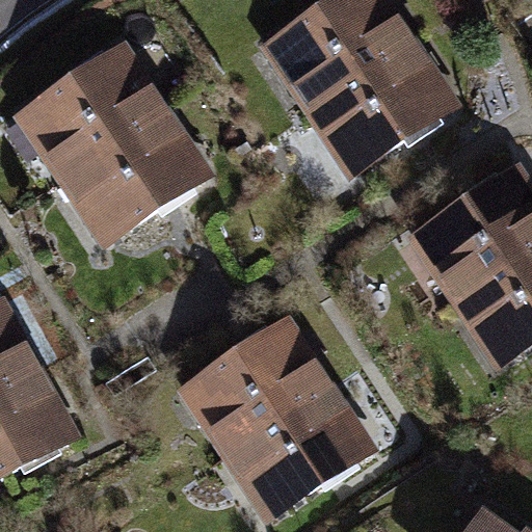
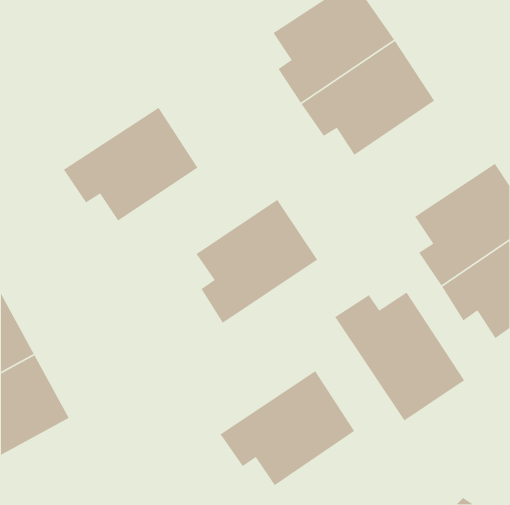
building: [38,48,165,177] -> none
building: none -> [334,291,465,421]
building: [201,322,328,452] -> [196,199,318,324]

